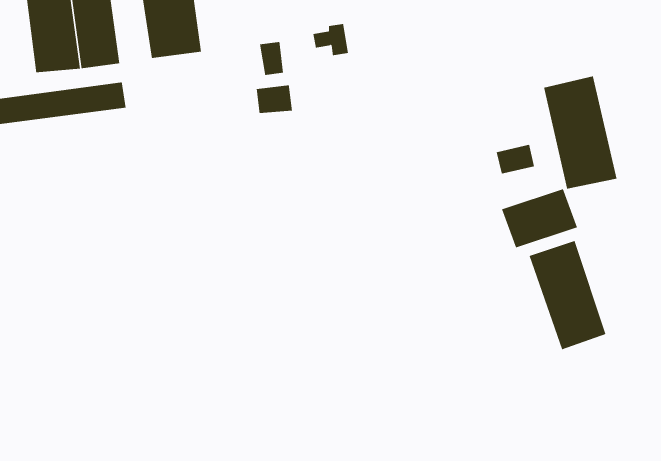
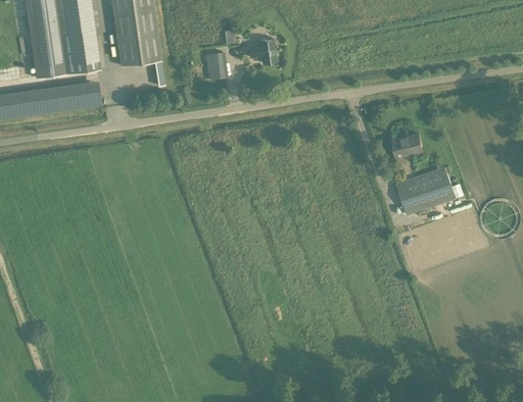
building: [544,76,617,190] -> none
building: [256,84,293,114] -> none
building: [529,240,606,350] -> none

